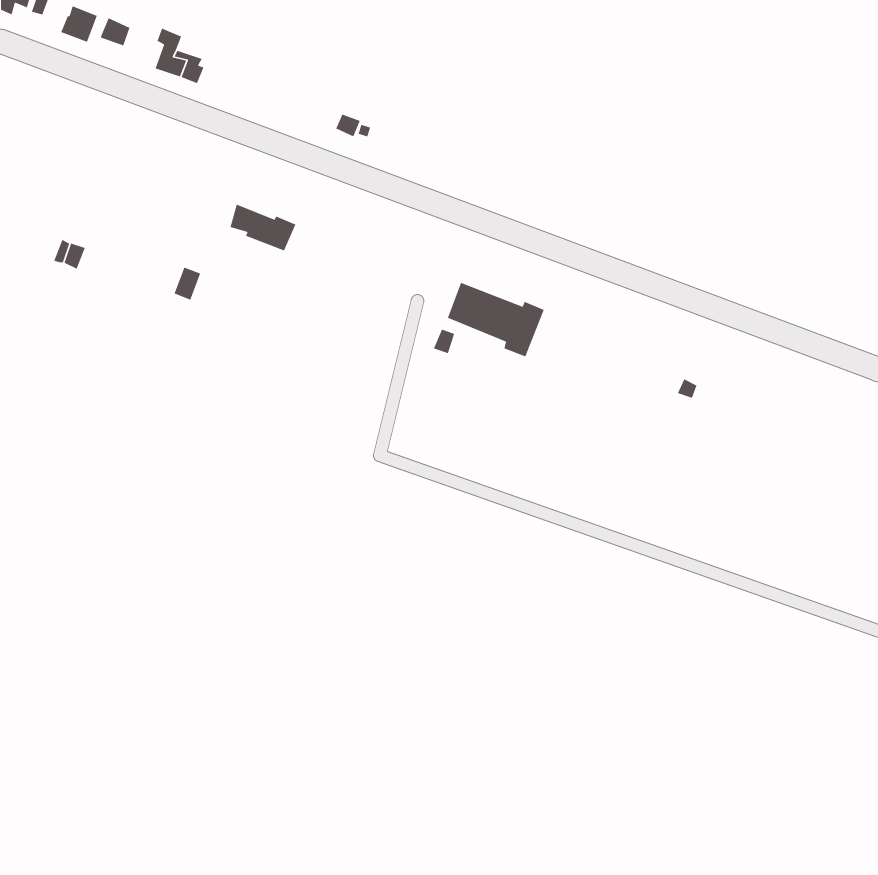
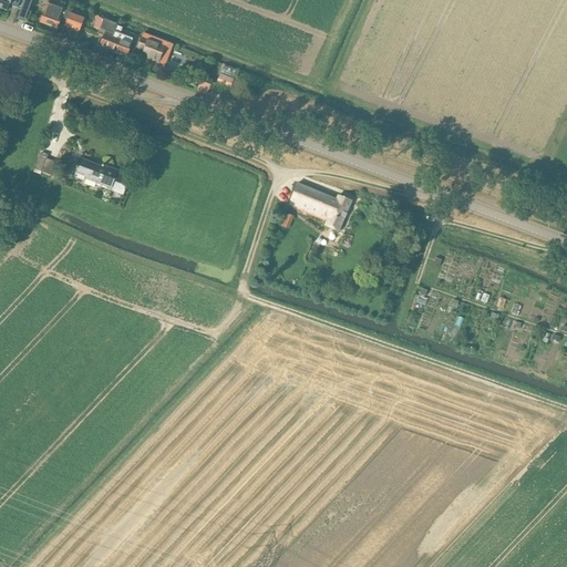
building: none -> [136,30,173,61]
building: [229,203,296,252] -> [74,156,117,187]

